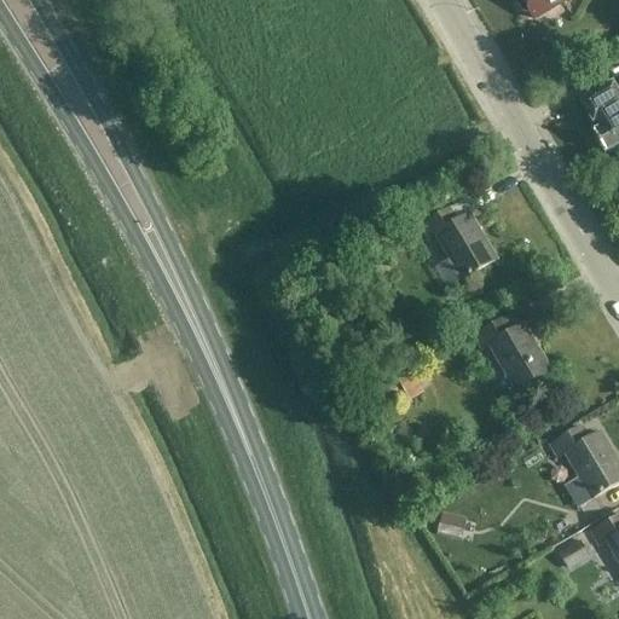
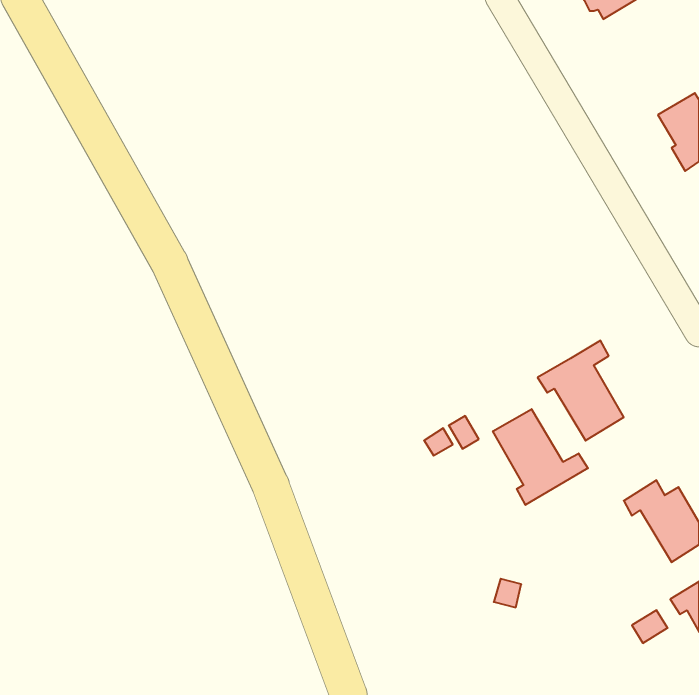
building: [421,207,498,278] -> none
building: none -> [493,409,588,505]

